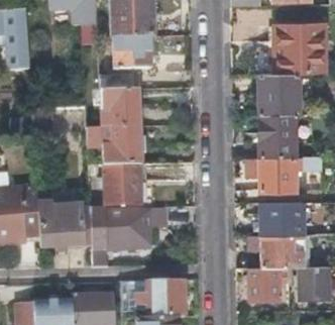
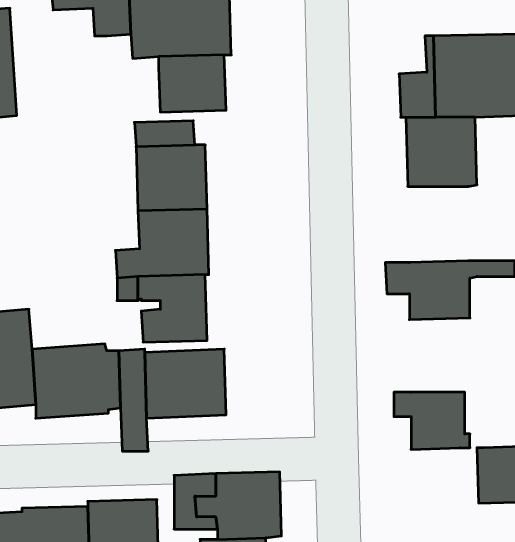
building: [258,112,294,156] -> none
building: [260,200,302,232] -> none
building: [249,264,289,298] -> none

